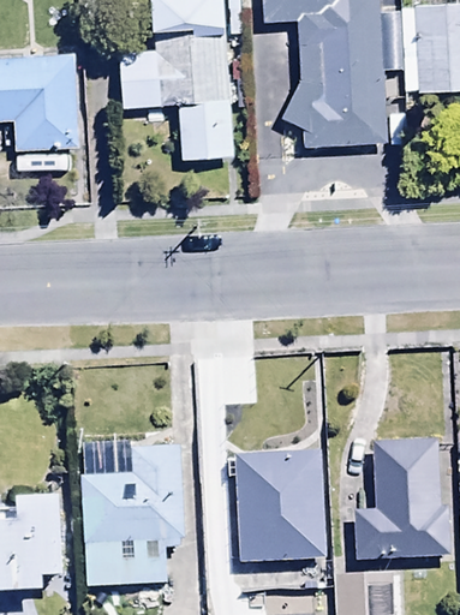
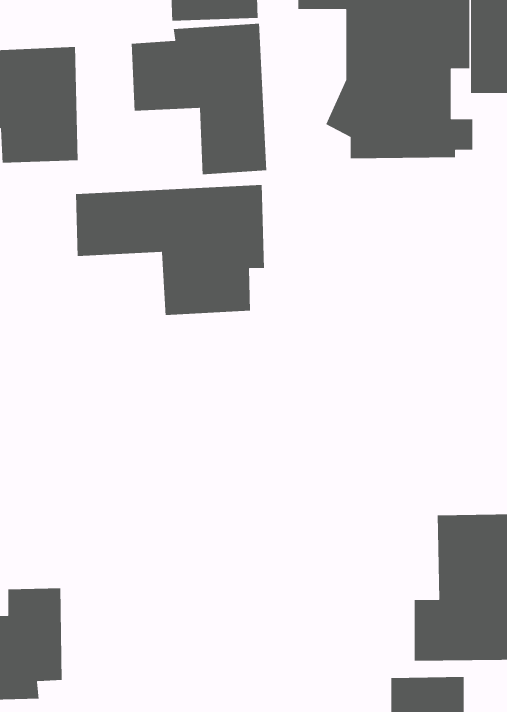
building: none -> [75,184,265,316]
building: [82,444,183,586] -> none
building: [228,448,325,562] -> none

